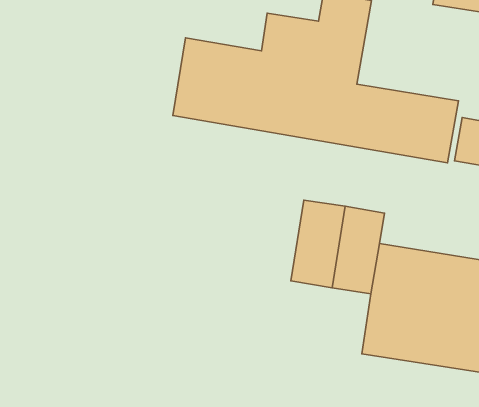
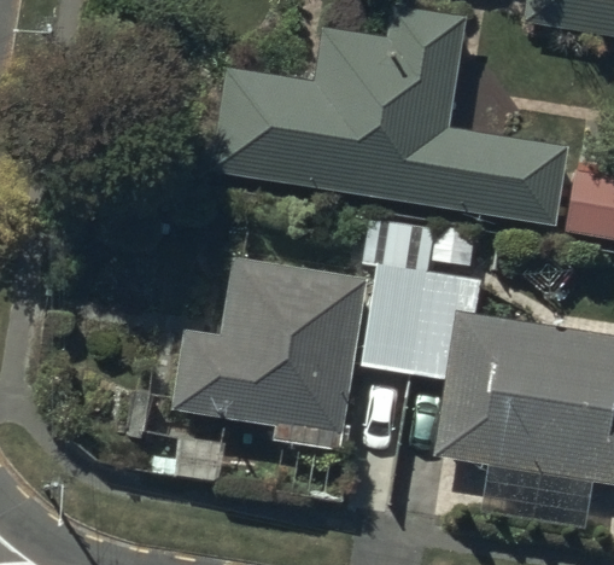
building: none -> [182,270,361,432]

